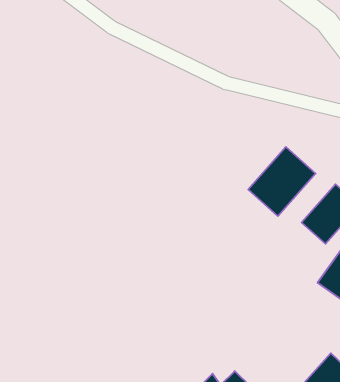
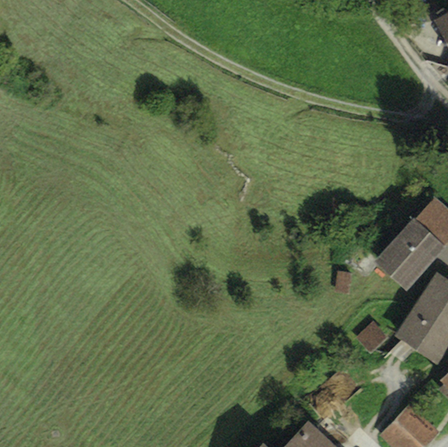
building: [248,147,316,216] -> none

